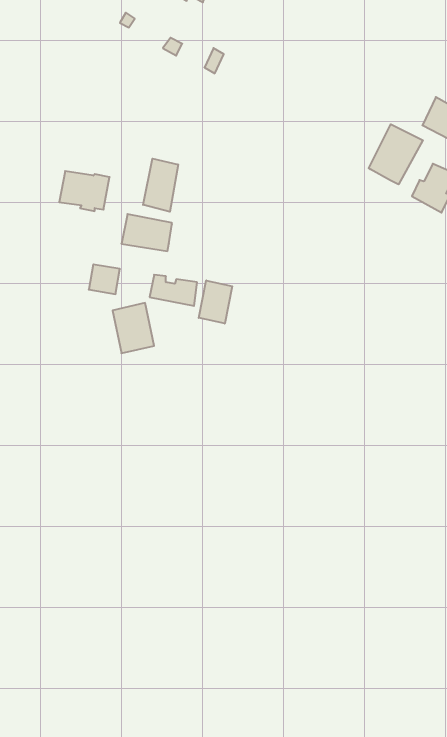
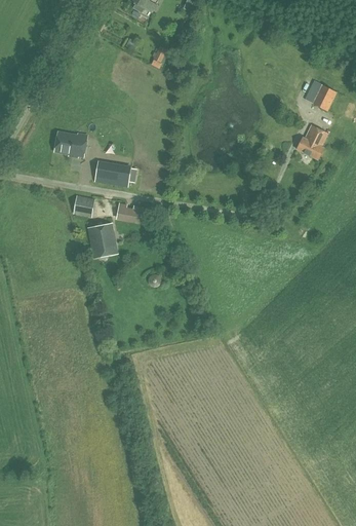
building: [369,124,423,184] -> none
building: [143,159,178,212] -> none
building: [199,280,232,324] -> none

